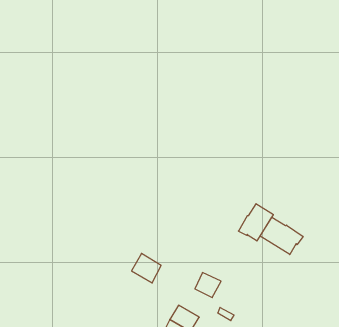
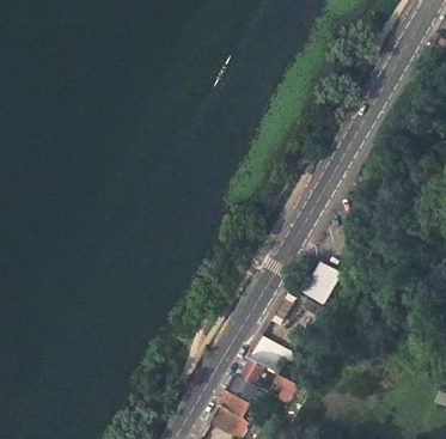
building: [260,217,303,255] -> none
building: [132,253,161,283] -> [237,355,269,388]

